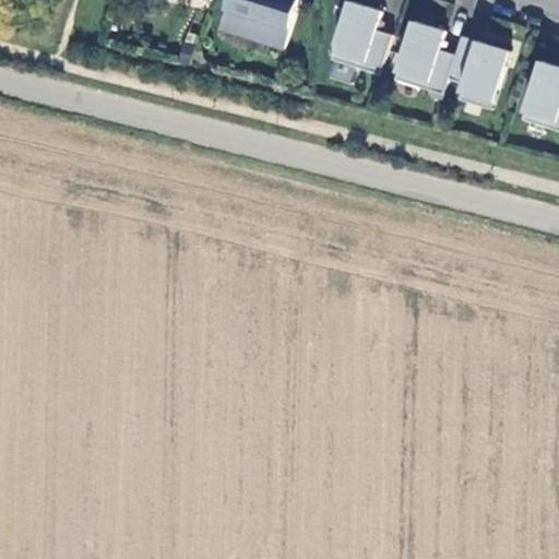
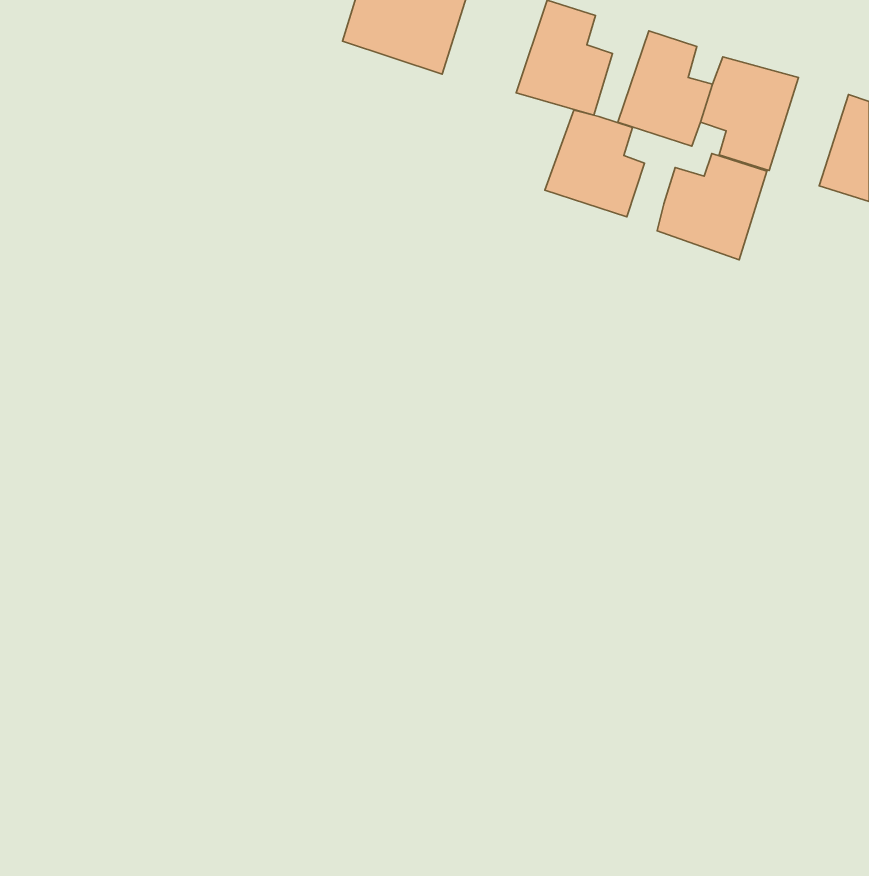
building: none -> [545,110,645,217]
building: none -> [657,154,767,260]

